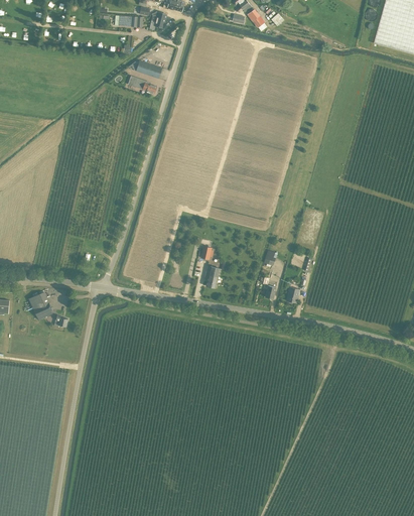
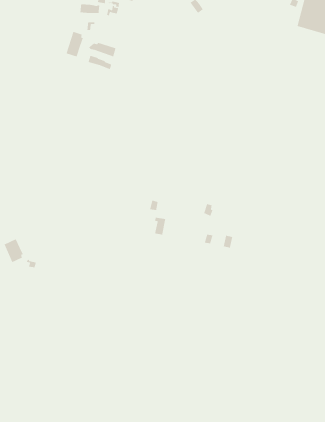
building: none -> [66,31,84,58]

